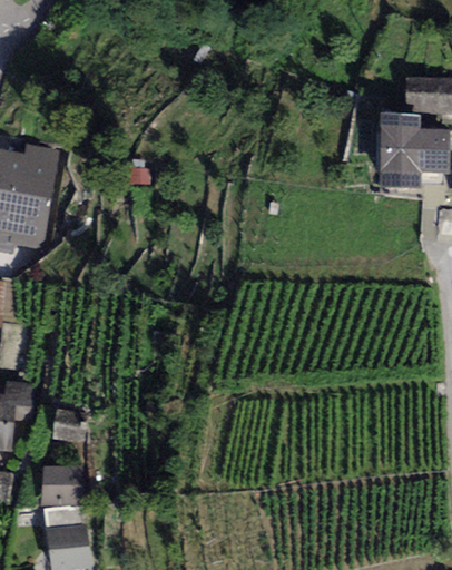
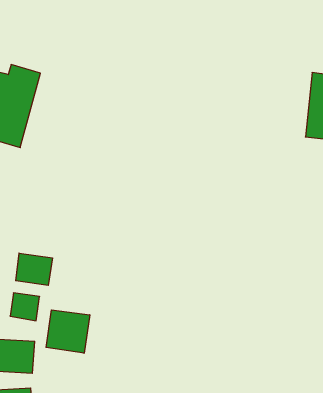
building: none -> [16,253,52,285]
building: none -> [46,310,90,353]

